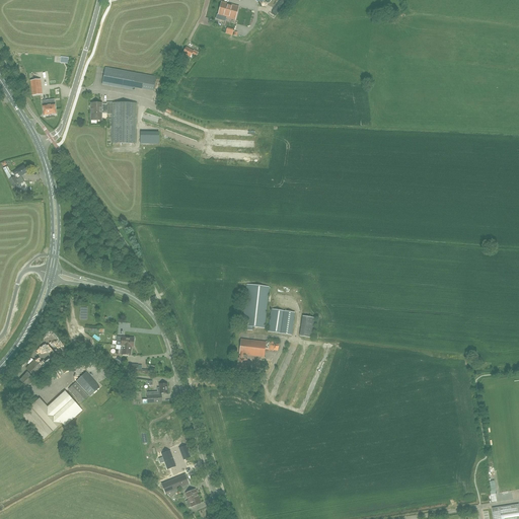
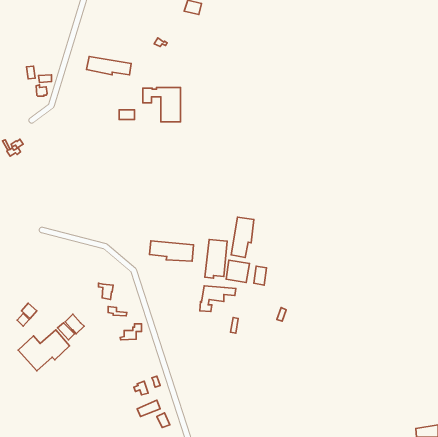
building: [91,100,136,141] -> [143,87,181,122]
building: none -> [231,217,254,257]
building: none -> [150,241,193,261]

